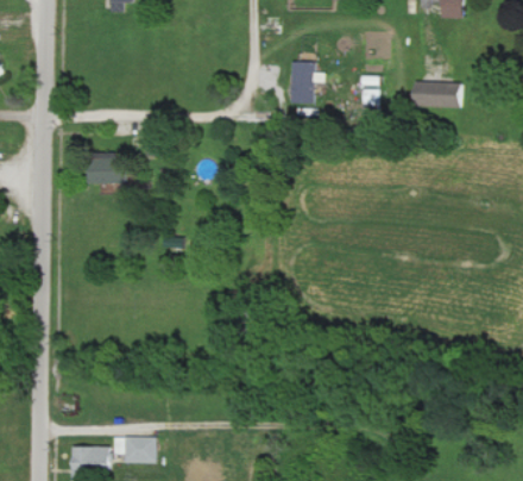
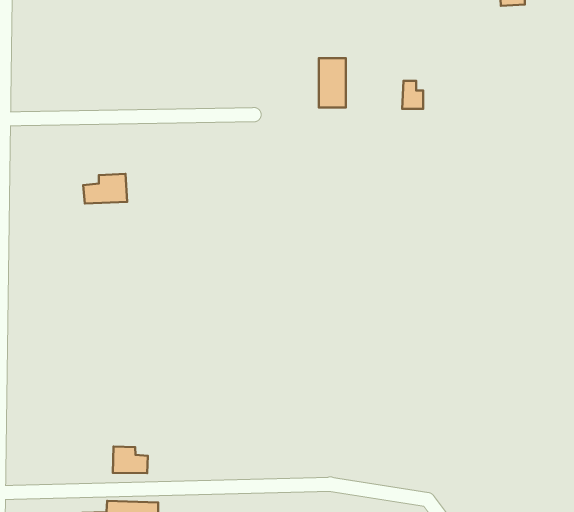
building: [412,81,464,106] -> none
building: none -> [113,446,148,473]

